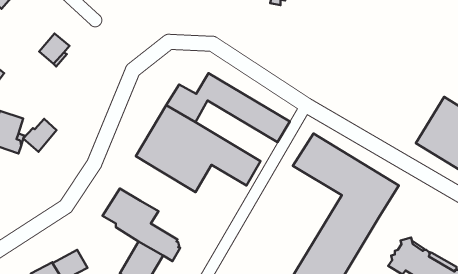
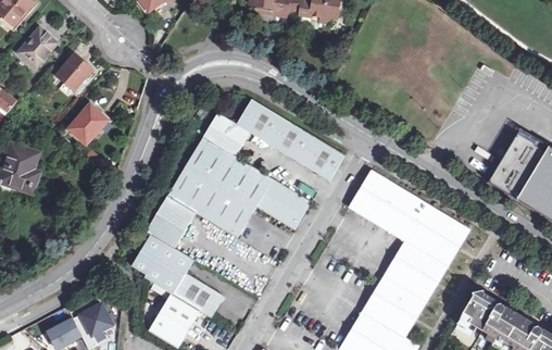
building: none -> [17,29,58,68]
building: [23,119,56,152] -> [68,105,106,143]
building: none -> [146,196,195,247]

